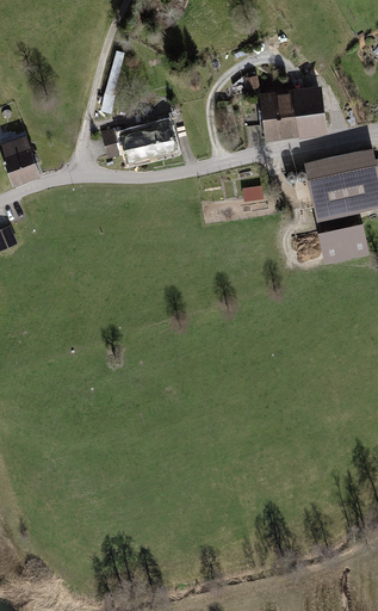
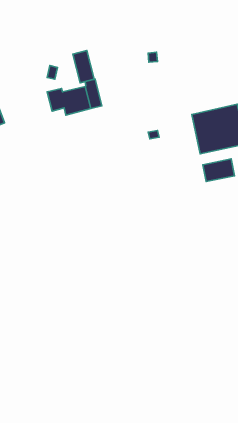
building: none -> [73,51,94,83]
building: [259,85,328,140] -> none

